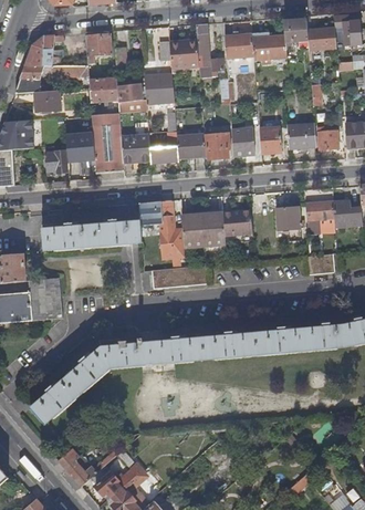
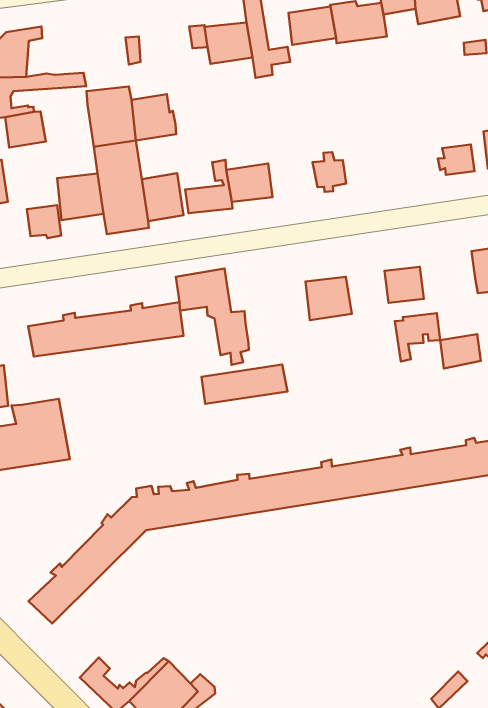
building: [86,34,113,64] -> none
building: [144,73,175,104] -> none
building: [288,123,316,148] -> none
building: [260,127,281,154] -> none
building: [206,134,230,158] -> none
building: [305,200,334,230] -> [395,313,440,361]
building: [181,215,222,250] -> none

